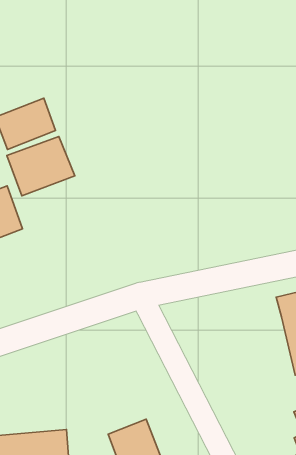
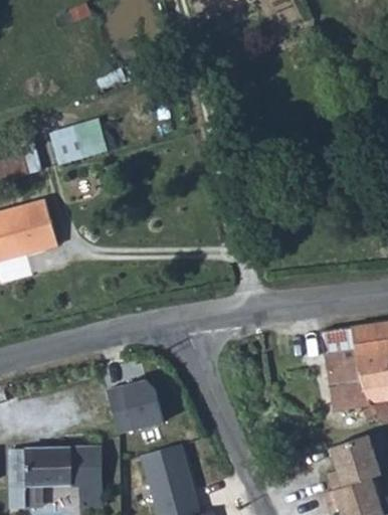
building: [7,136,75,196] -> none
building: none -> [107,379,157,438]

